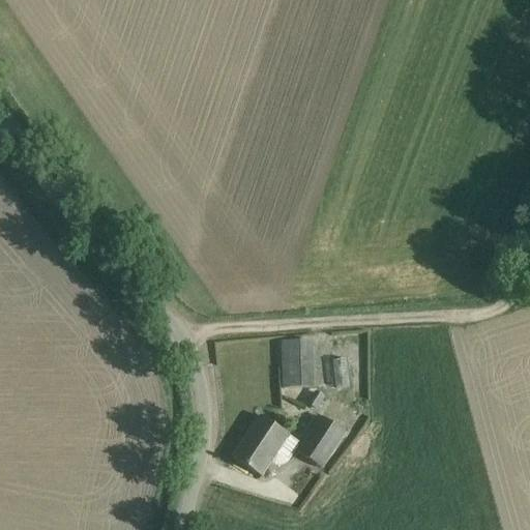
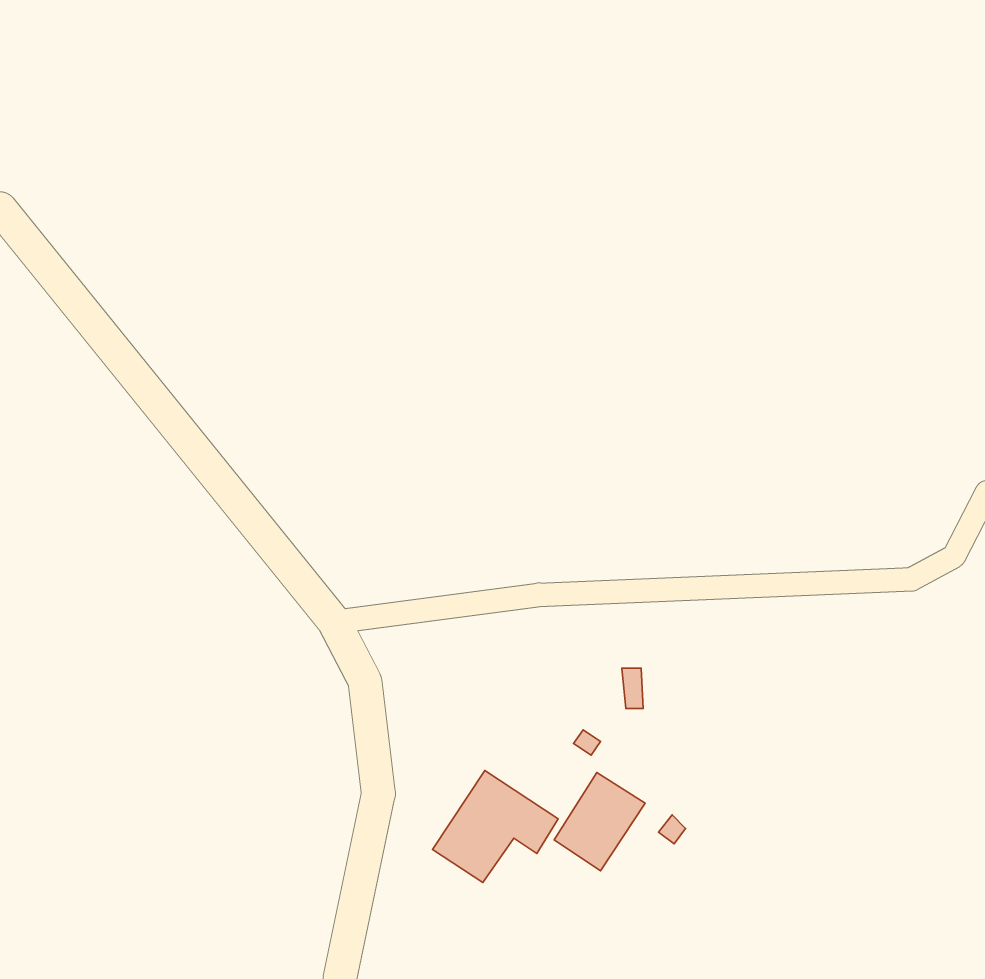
building: [282,337,315,386] -> none

